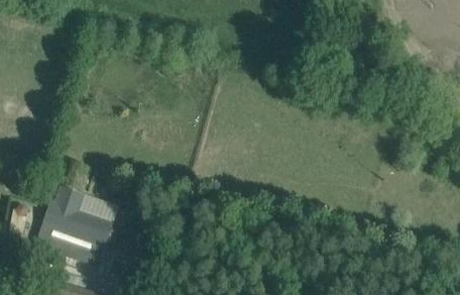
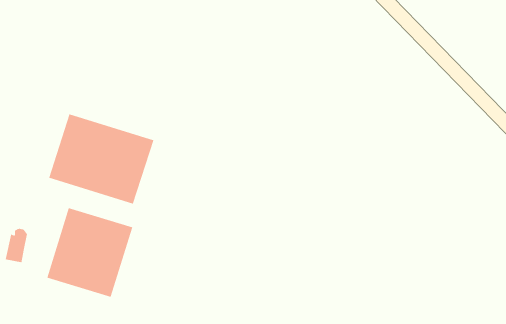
building: none -> [48,113,154,204]

